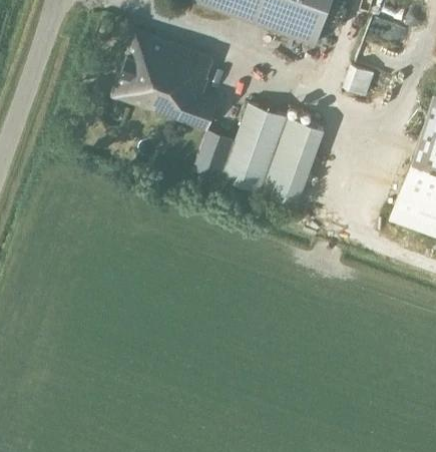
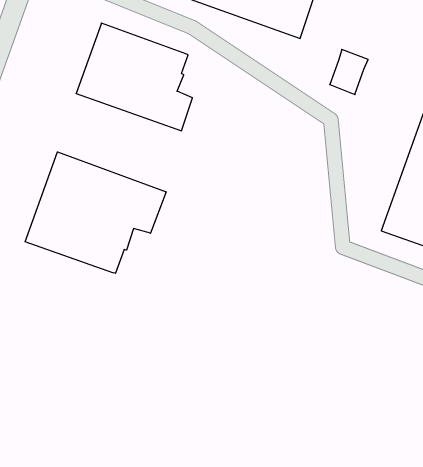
building: [202,101,324,203] -> none
building: none -> [25,152,166,273]

